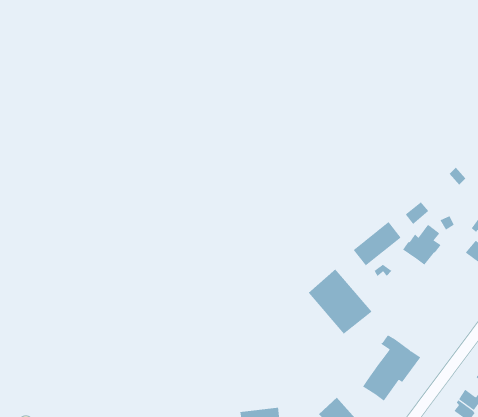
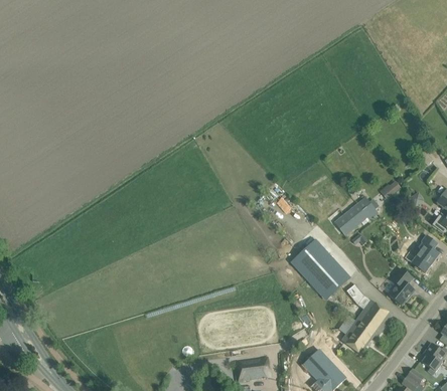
building: [402,224,441,266] -> [404,236,438,272]
building: none -> [388,268,414,306]

